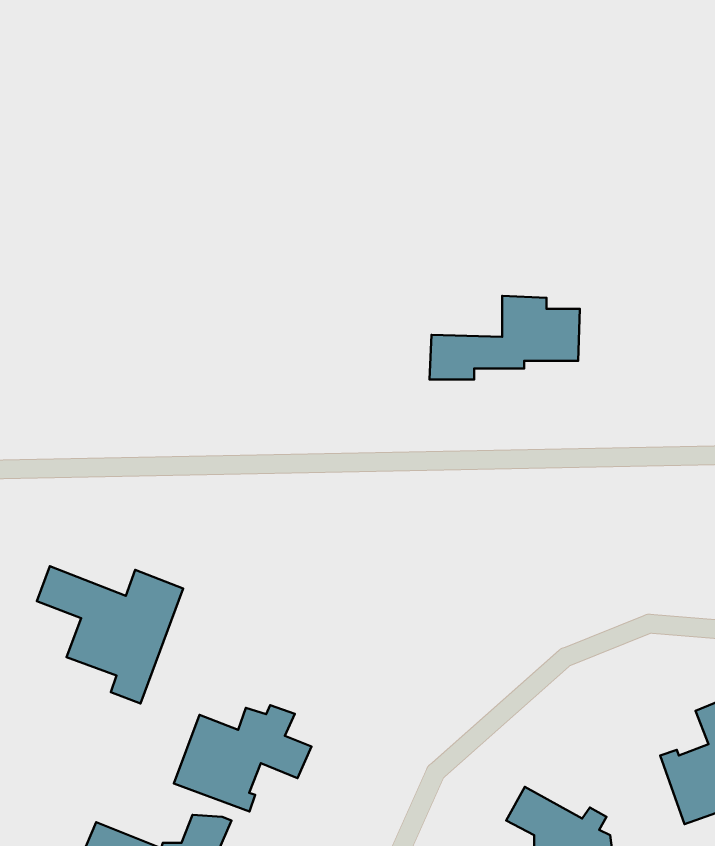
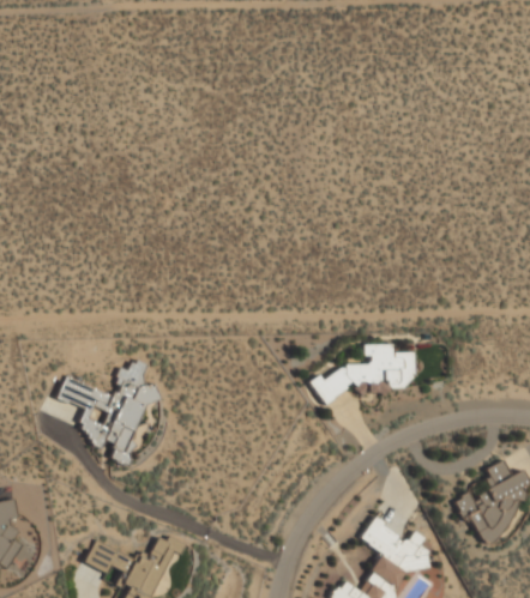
building: [430,296,580,380] -> [318,343,415,397]
building: [174,705,311,812] -> none

